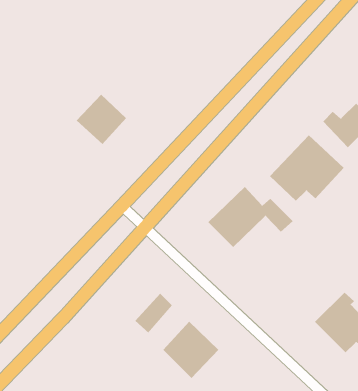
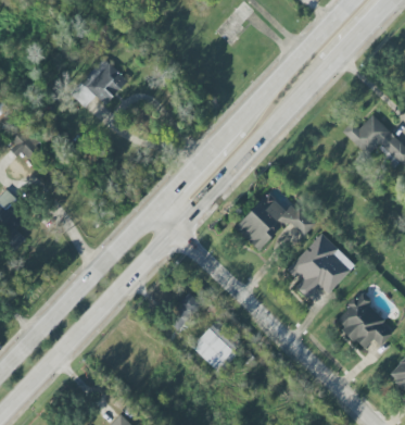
building: [76,94,127,145] -> [80,59,128,107]
building: [269,134,345,202] -> [284,234,355,297]

